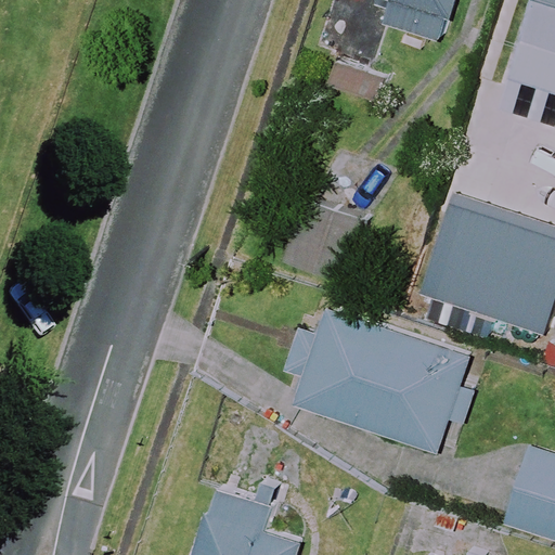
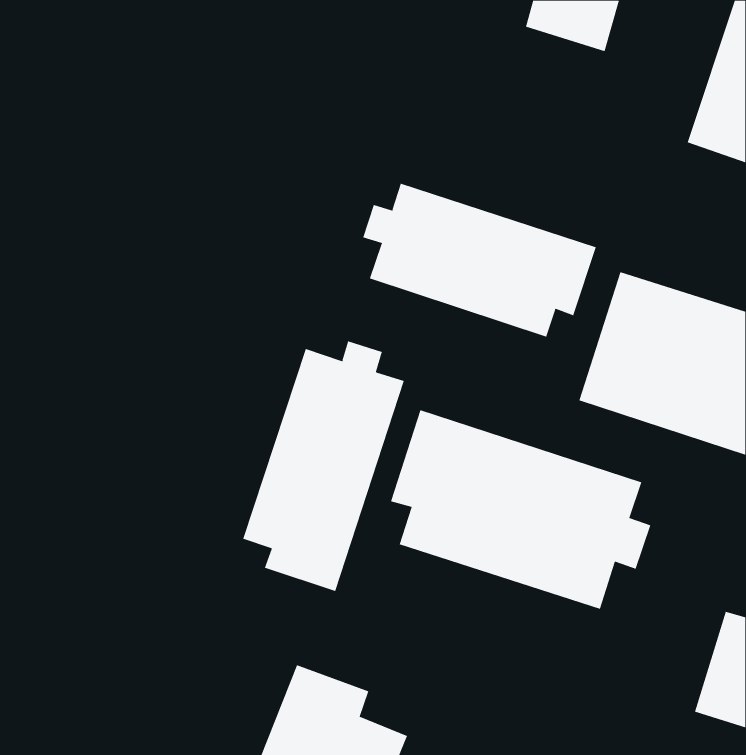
building: none -> [363,183,597,337]
building: none -> [242,341,404,592]

